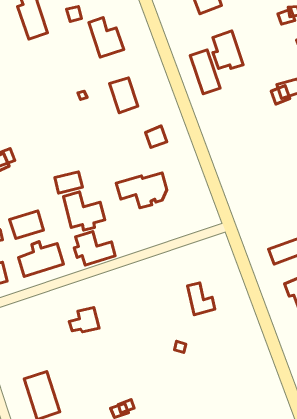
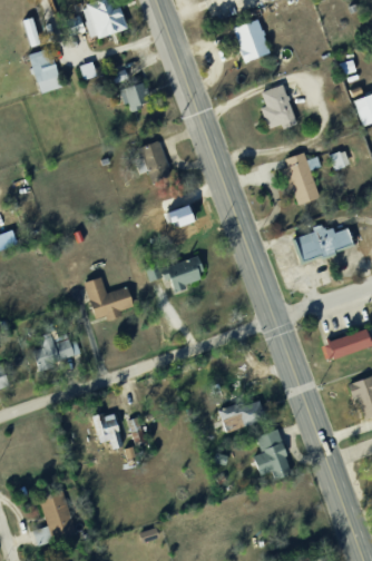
building: [190,50,220,94] -> [283,154,319,206]
building: none -> [293,225,354,265]
building: [55,172,83,193] -> none
building: [10,211,44,239] -> none
building: [74,232,115,265] -> none
building: none -> [251,424,290,481]

